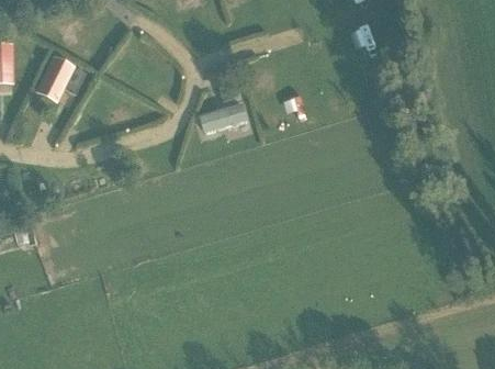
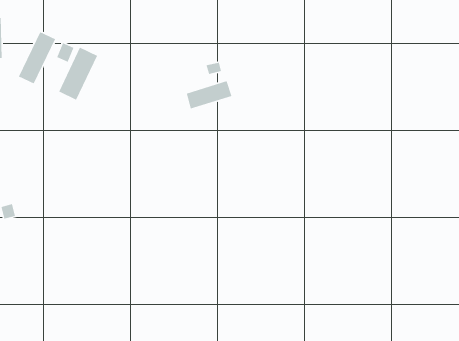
building: none -> [58,47,98,101]

